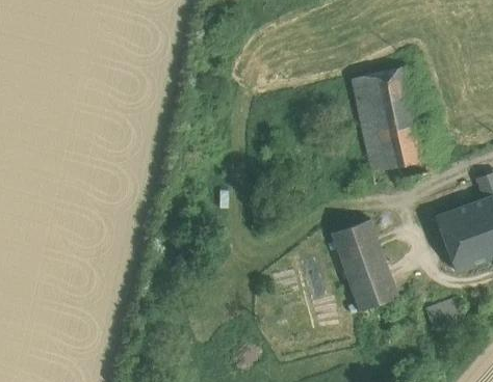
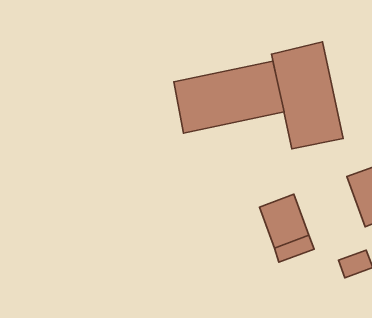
building: none -> [174,61,284,133]
building: [331,218,375,249] -> none

